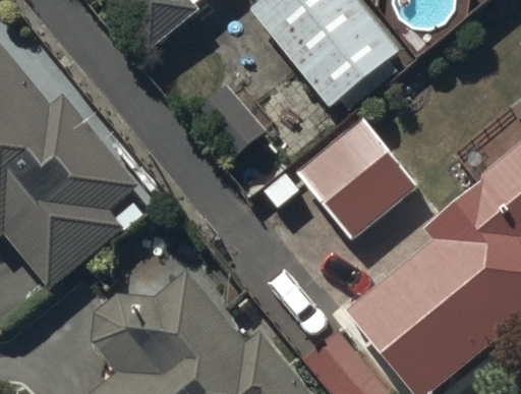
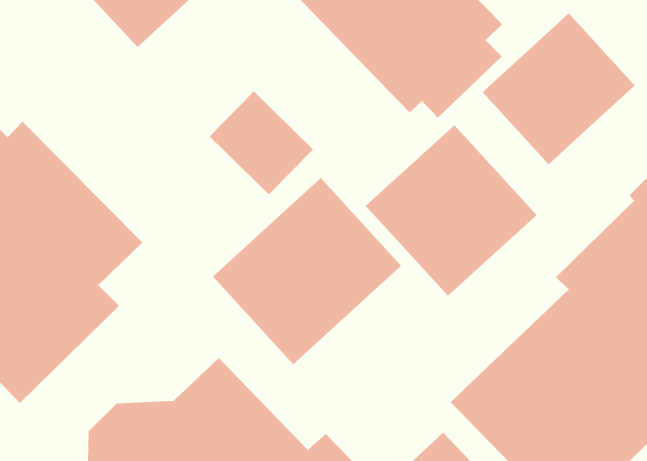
building: none -> [482,13,635,165]
building: none -> [212,177,402,365]

